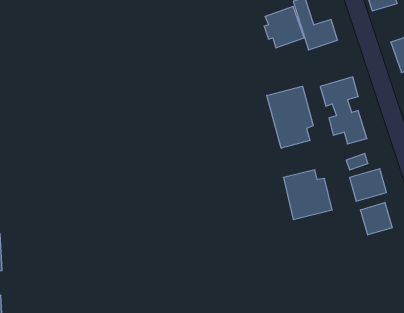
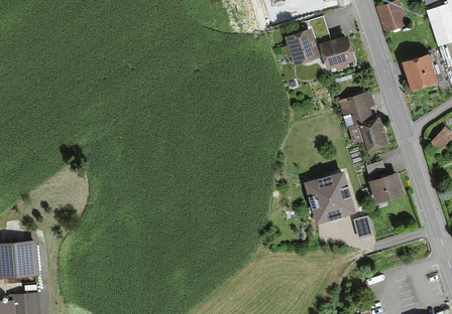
building: [267,86,313,148] -> none
building: [360,202,392,235] -> none

